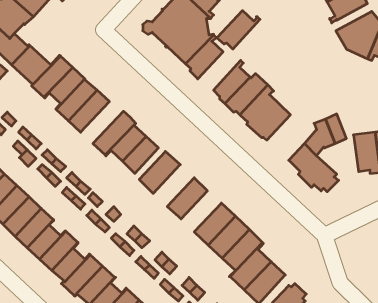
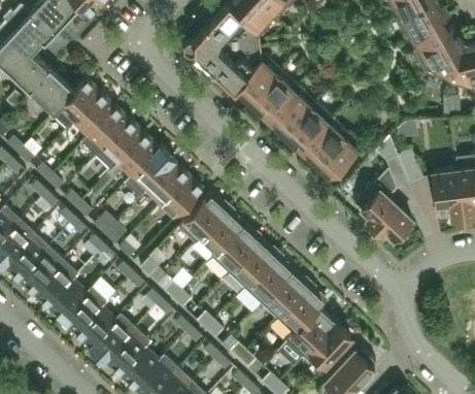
building: [217,11,260,49] -> [248,75,299,121]
building: none -> [110,134,161,184]
building: none -> [196,208,244,258]
building: none -> [229,239,276,288]

